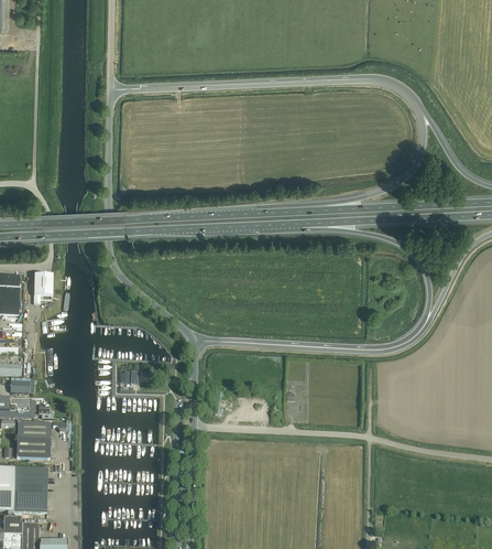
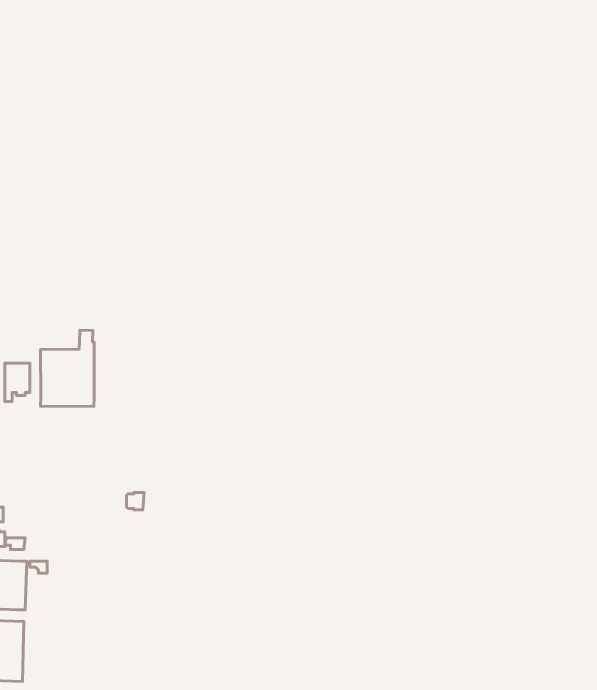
building: none -> [41,330,94,406]

